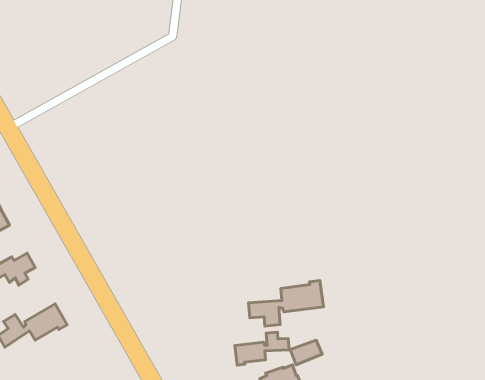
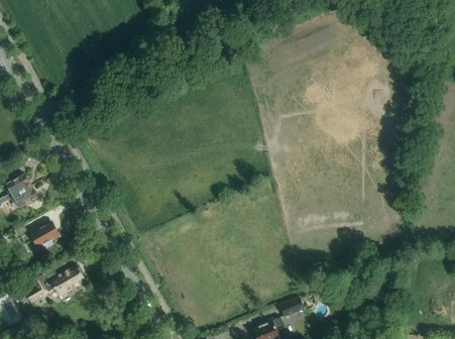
building: [248,280,323,326] -> none
building: [235,332,289,365] -> none

